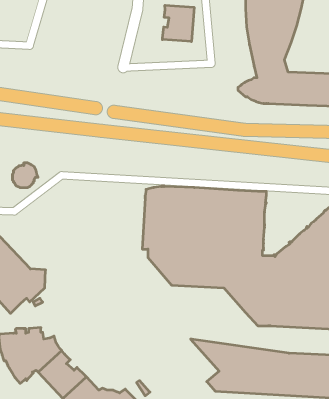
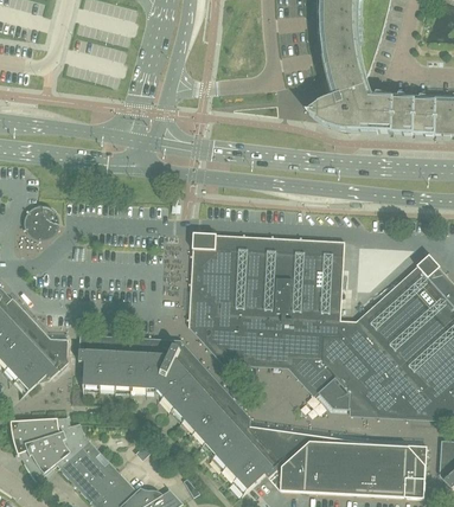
building: [162,5,194,42] -> none
building: none -> [78,341,284,492]

